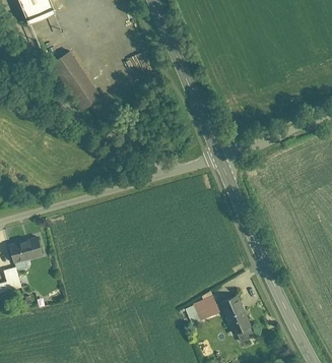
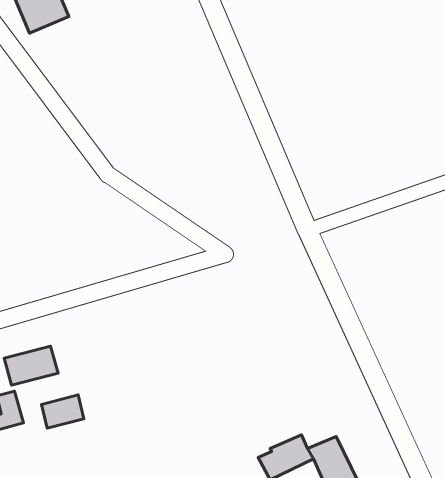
building: [52,53,97,109] -> none
building: none -> [42,395,84,428]

